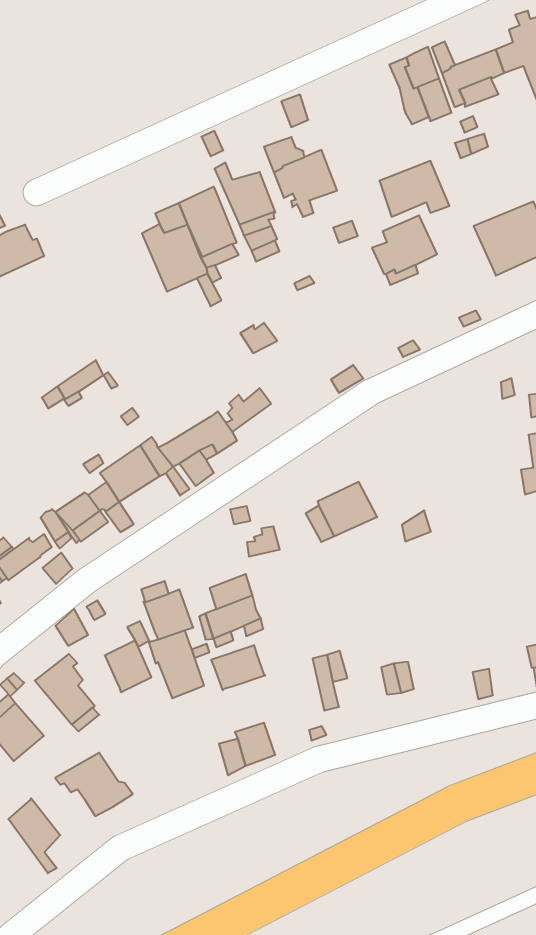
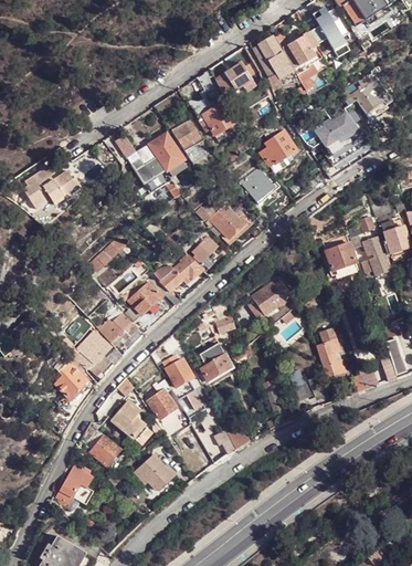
building: [379,161,449,217] -> [215,63,256,97]
building: none -> [242,168,275,201]
building: none -> [211,203,244,238]
building: none -> [325,237,356,271]
building: none -> [316,327,347,378]
building: [211,645,265,690] -> none
building: [8,798,60,873] -> none

